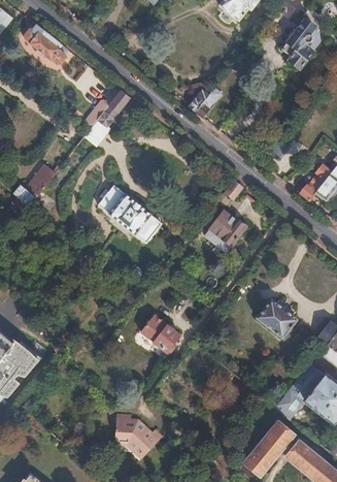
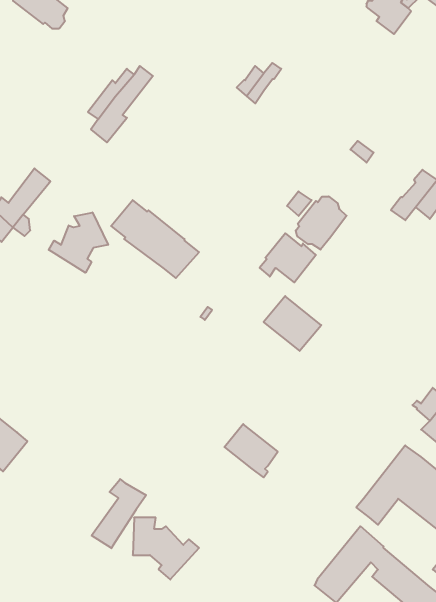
building: none -> [296,196,347,250]
building: none -> [49,212,108,273]
building: [256,298,297,338] -> [264,296,321,351]
building: [142,314,180,352] -> [224,424,278,477]
building: none -> [92,479,146,548]

